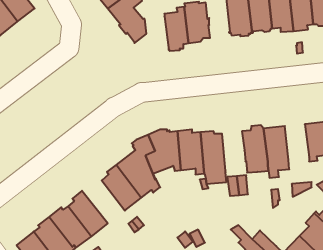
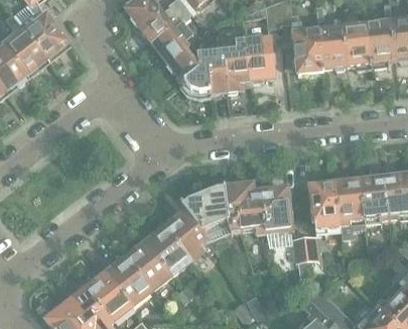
building: none -> [182,49,224,96]
building: none -> [360,176,388,220]
building: none -> [122,241,172,292]

